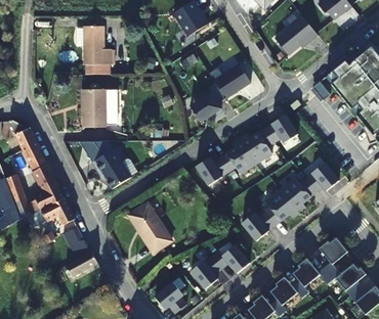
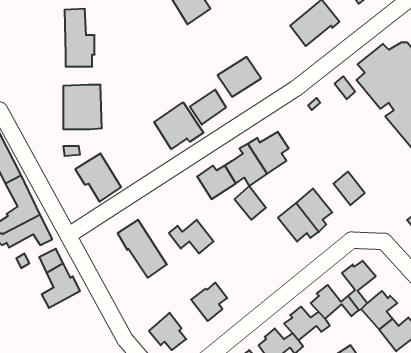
building: none -> [154,102,203,149]
building: [264,115,297,142] -> none
building: [242,212,268,240] -> [235,186,266,220]
building: [211,244,249,273] -> [169,220,214,253]

